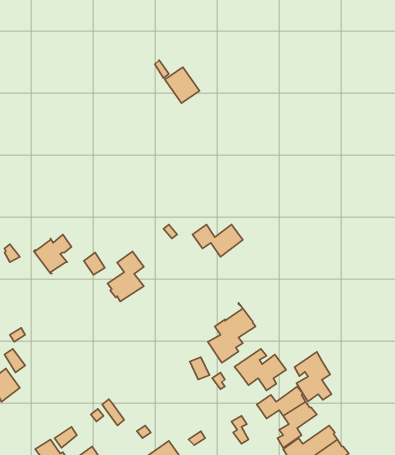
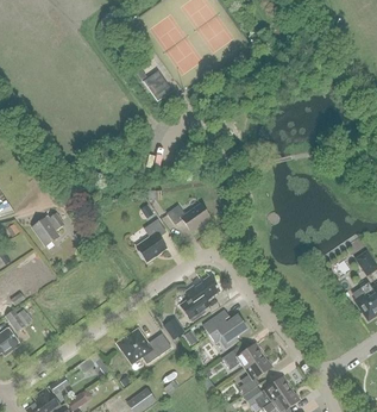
building: [108,251,144,302] -> [136,218,166,261]
building: [294,352,331,402] -> none
building: none -> [117,329,171,363]

